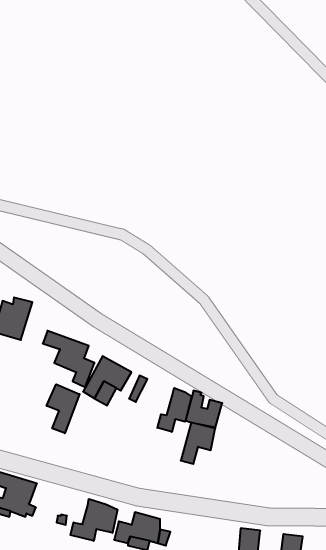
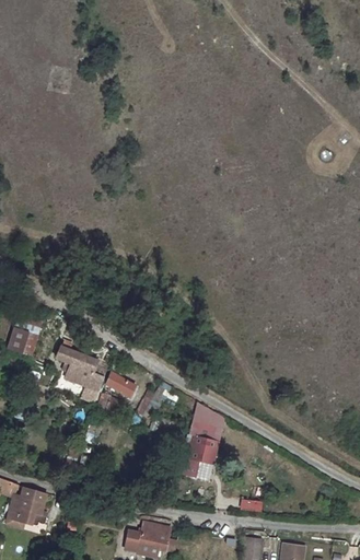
building: [47,384,80,433] -> none
building: [157,388,192,432] -> none
building: [70,499,118,541] -> none

